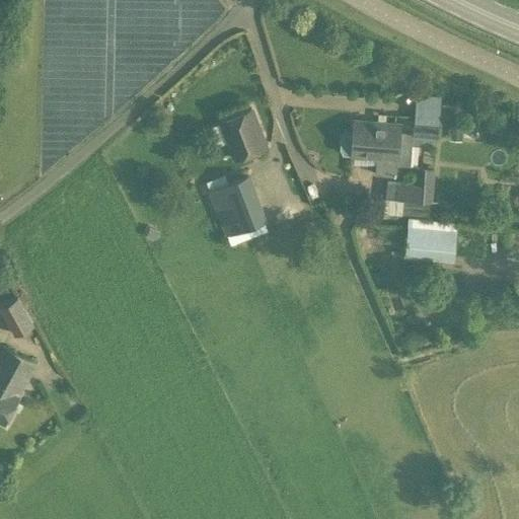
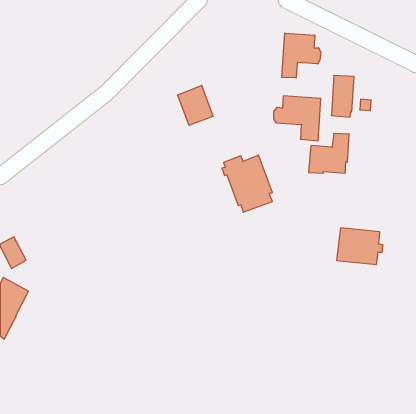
building: none -> [282,33,321,78]
building: [205,175,268,246] -> [222,155,272,212]
building: [403,218,461,264] -> [337,228,383,264]

